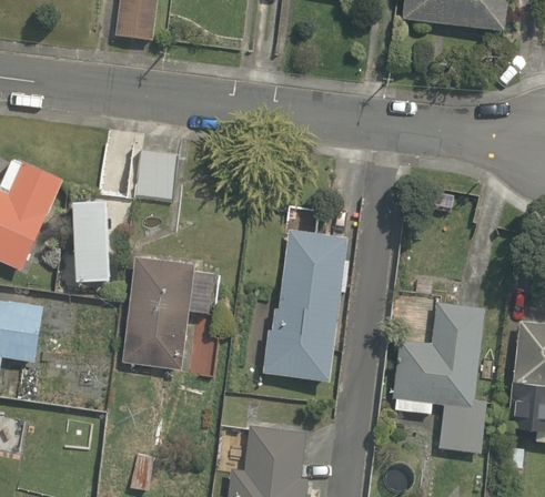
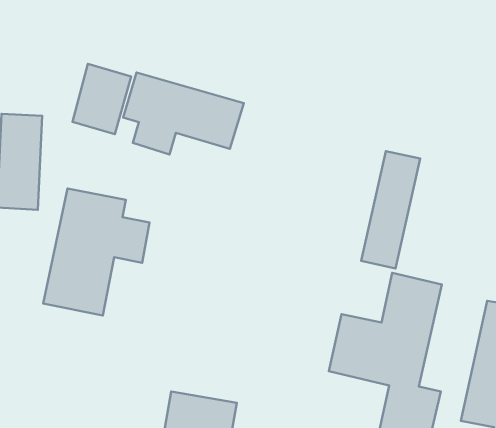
building: none -> [123,73,244,154]
building: none -> [361,151,420,268]
building: [268,229,343,382] -> none

